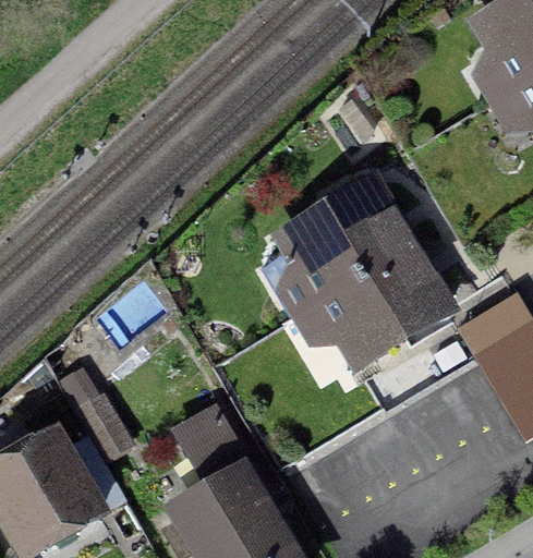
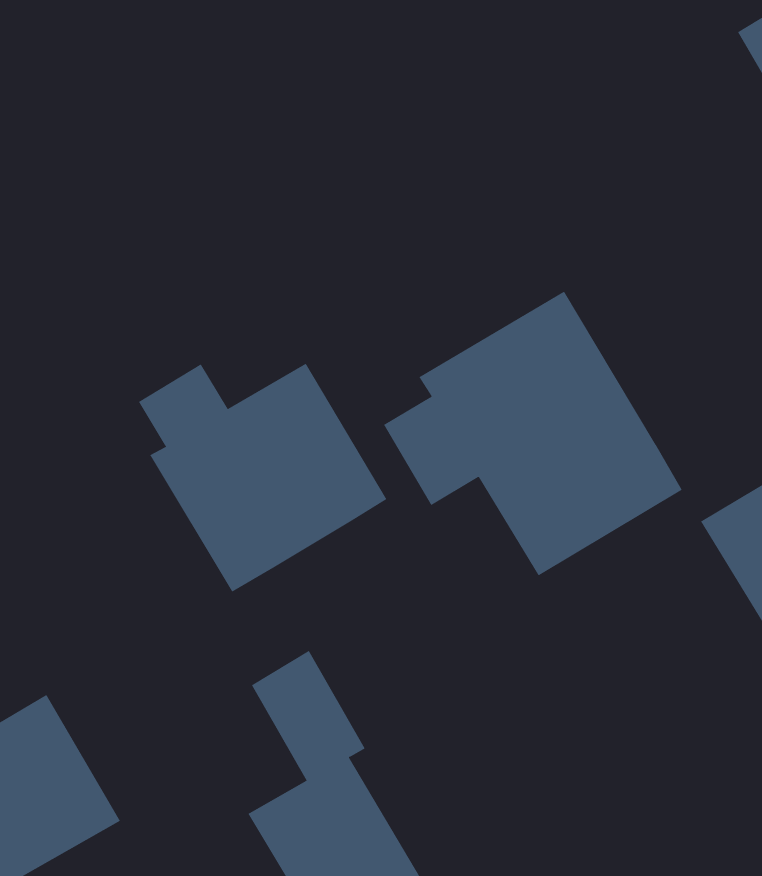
building: none -> [138,363,387,593]

